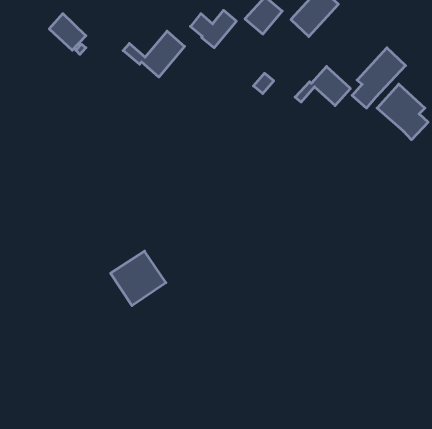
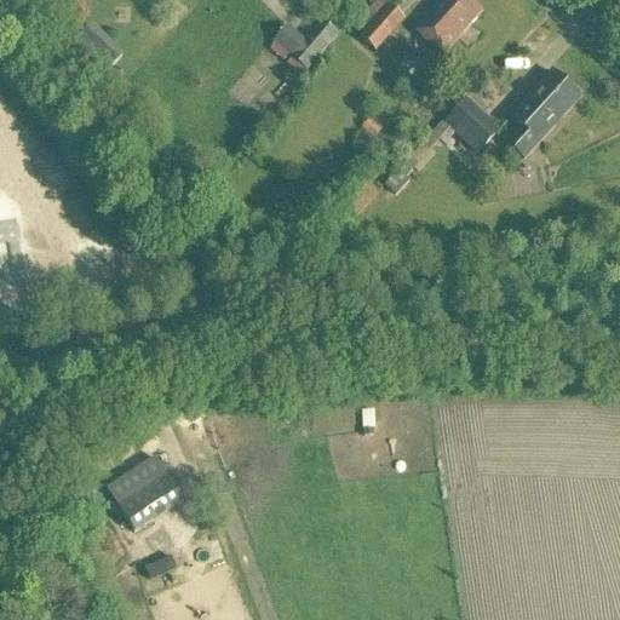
building: [123,31,185,77] -> none
building: [377,84,428,140] -> none
building: [111,251,166,306] -> [108,455,186,533]

